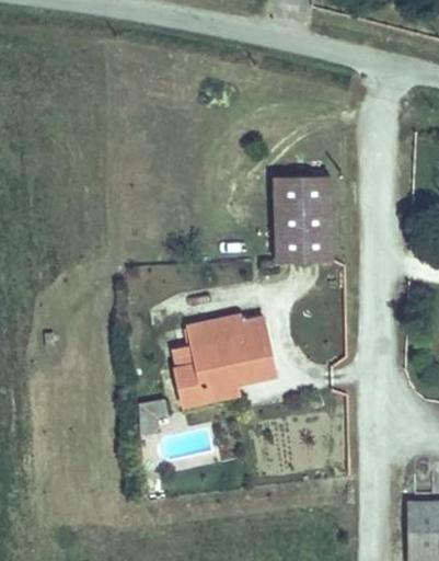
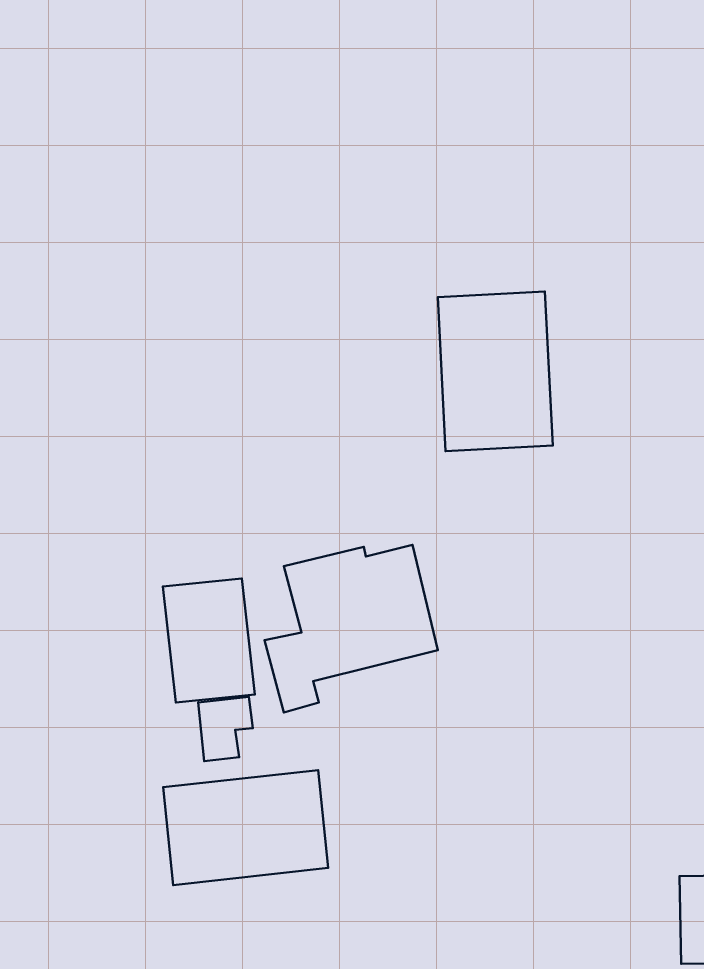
building: none -> [163,578,255,703]
building: none -> [163,770,328,885]

